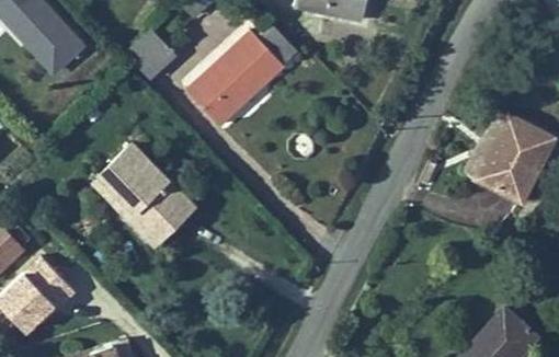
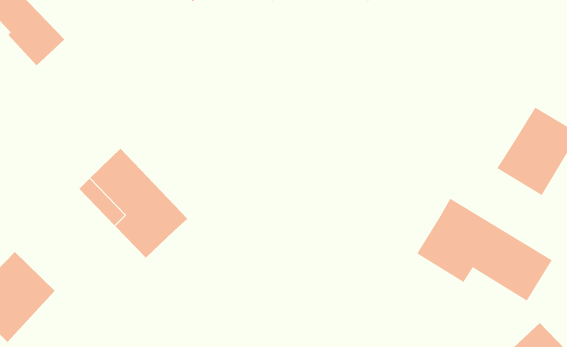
building: [128,26,181,78] -> none
building: [192,32,286,122] -> none
building: none -> [417,198,552,301]

